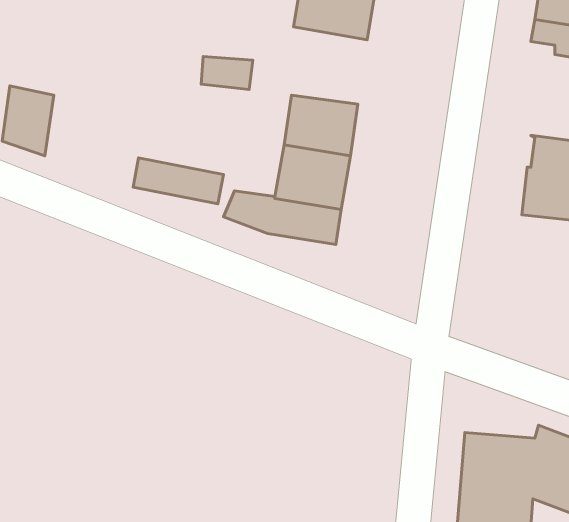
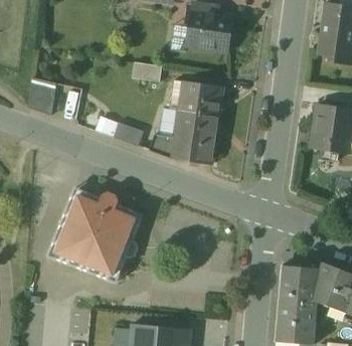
building: none -> [48,189,139,281]

